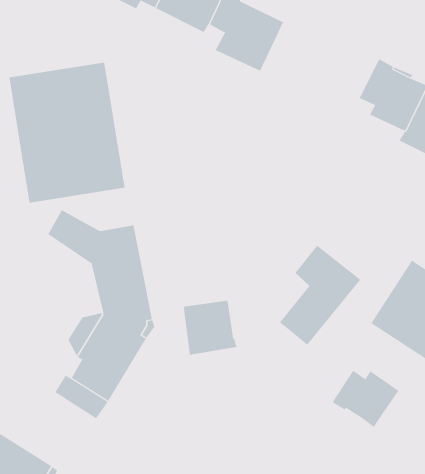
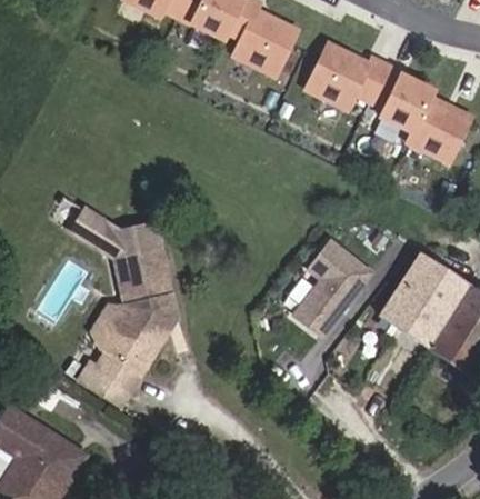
building: none -> [306,41,389,110]
building: [9,62,125,204] -> none
building: [183,300,237,355] -> none
building: [332,370,399,428] -> none

